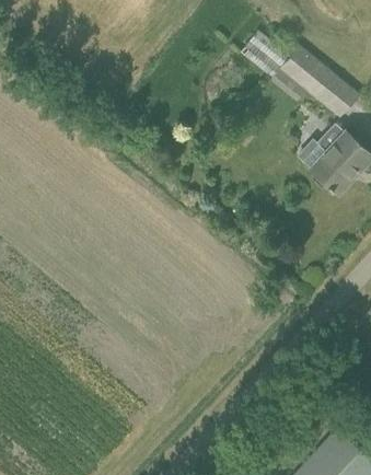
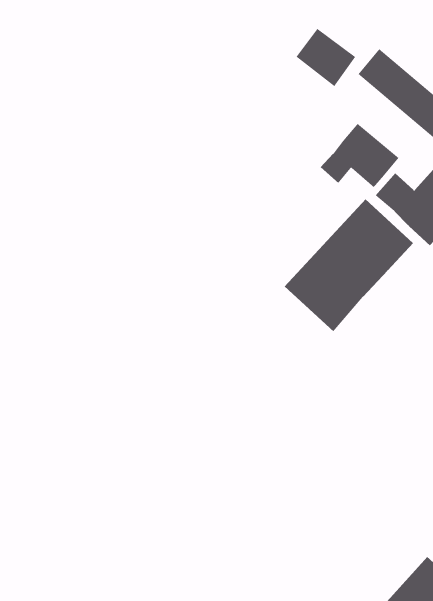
building: none -> [320,123,400,188]
building: none -> [284,198,414,332]

